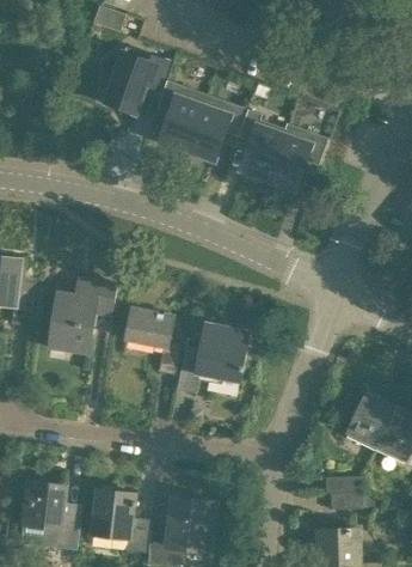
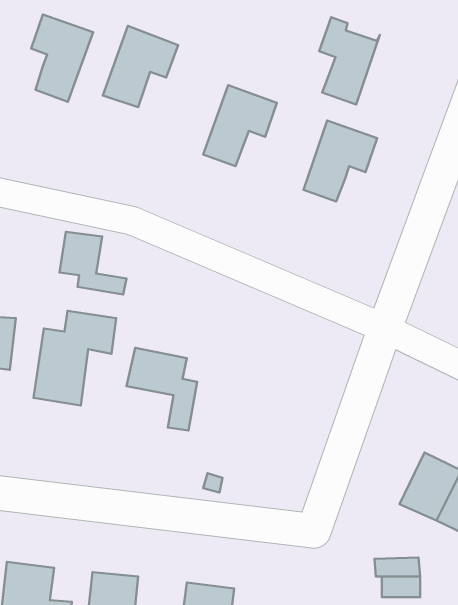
building: [156,80,207,151] -> [31,15,93,102]
building: [238,109,287,179] -> [319,17,380,104]
building: none -> [60,232,127,294]
building: [176,322,250,394] -> none

